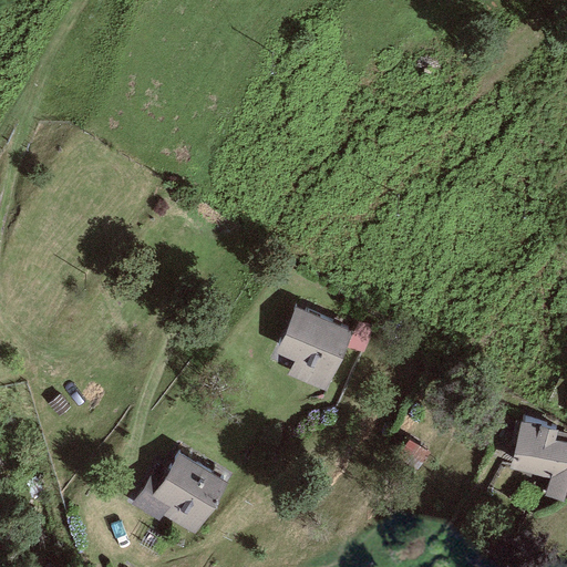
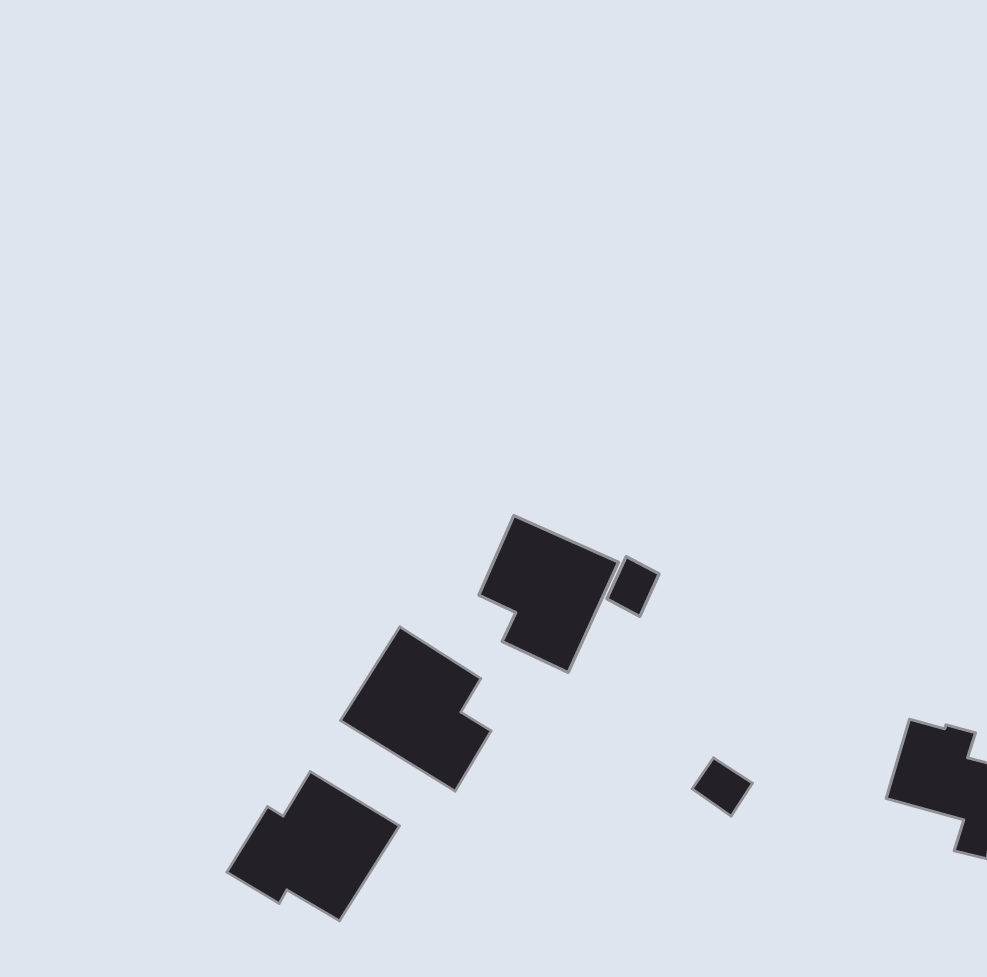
building: none -> [340,627,491,791]

